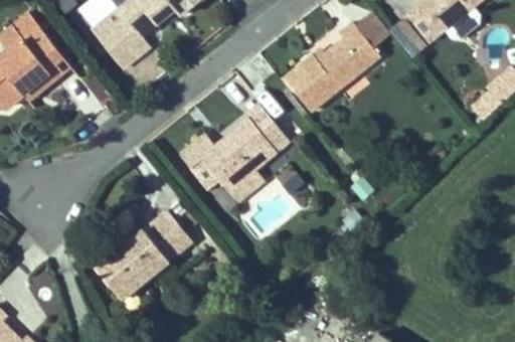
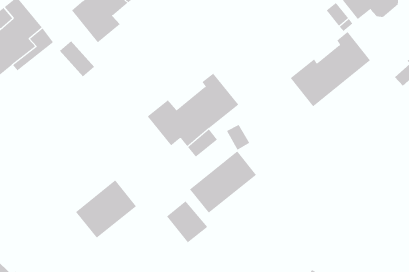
building: [285,21,380,111] -> [290,31,371,107]
building: none -> [189,151,257,214]
building: [144,209,193,260] -> [166,200,208,243]

